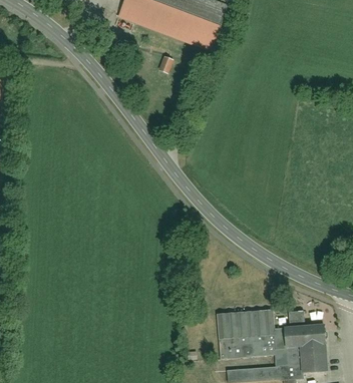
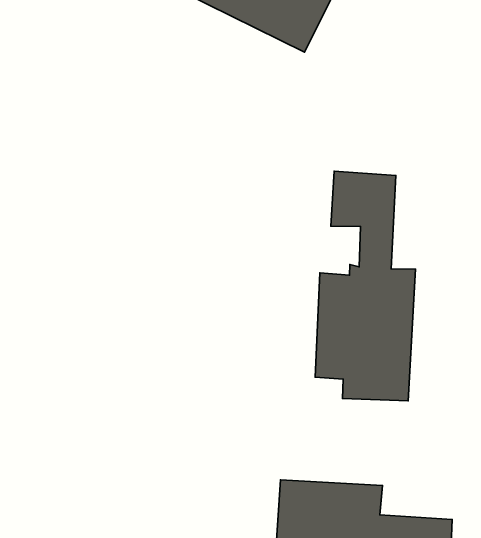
building: none -> [315,171,415,401]

